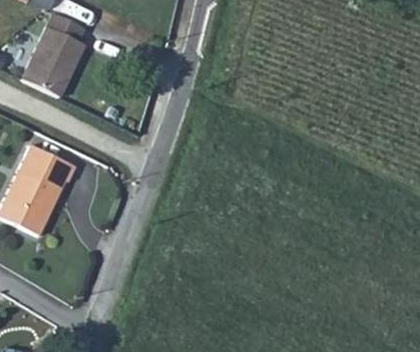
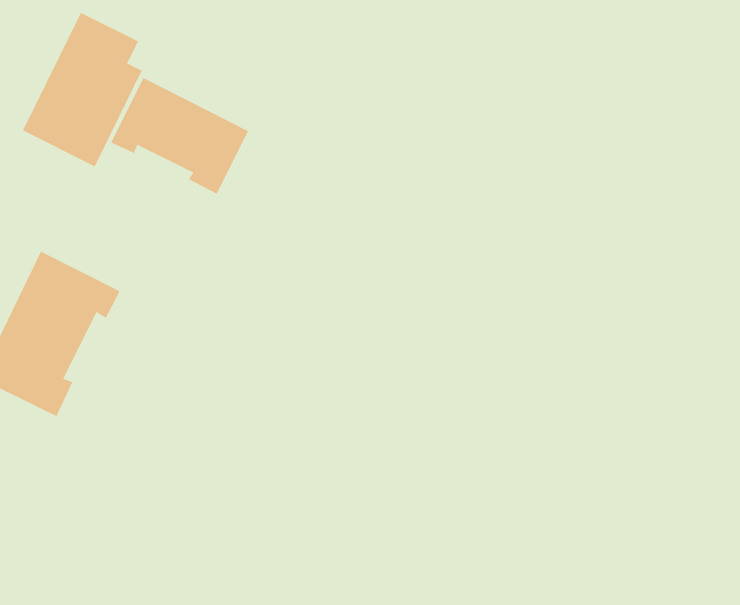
building: none -> [111,77,249,194]

